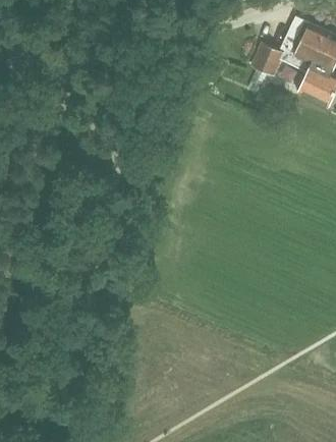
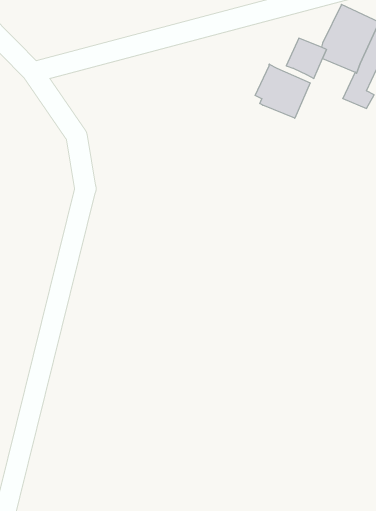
building: none -> [255,64,310,118]

